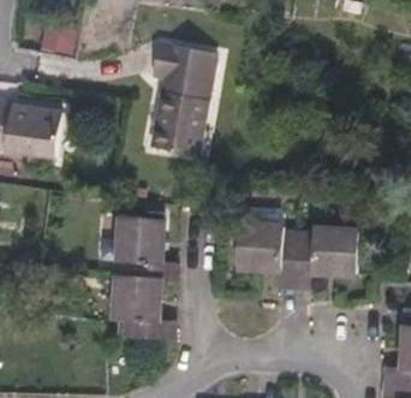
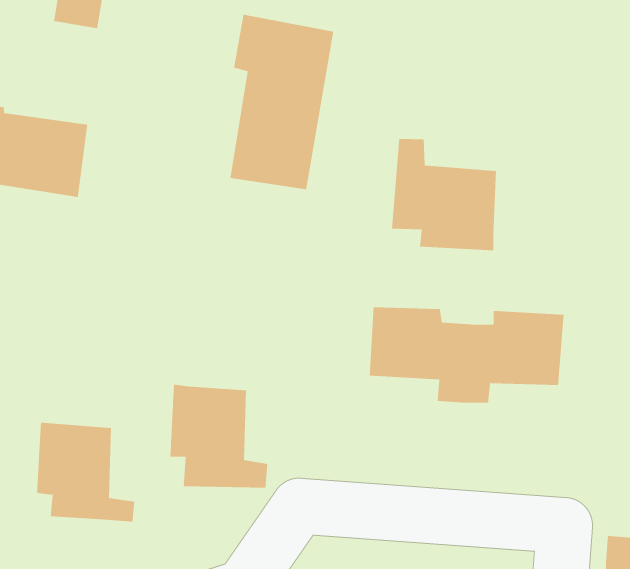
building: none -> [391,138,497,251]
building: [117,215,178,278] -> [36,422,135,523]

